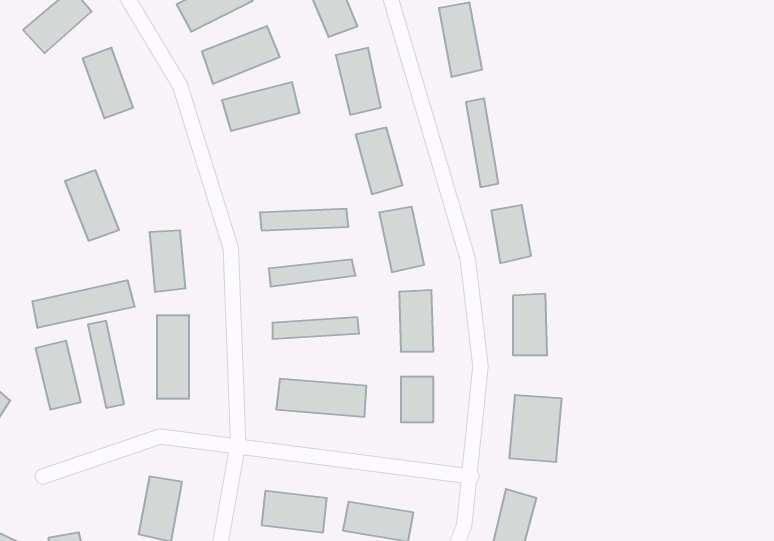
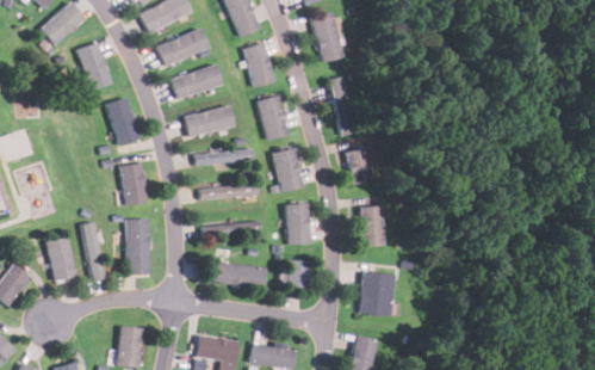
building: none -> [184,105,235,136]
building: [65,170,119,241] -> [104,94,140,141]
building: [33,280,135,328] -> none

